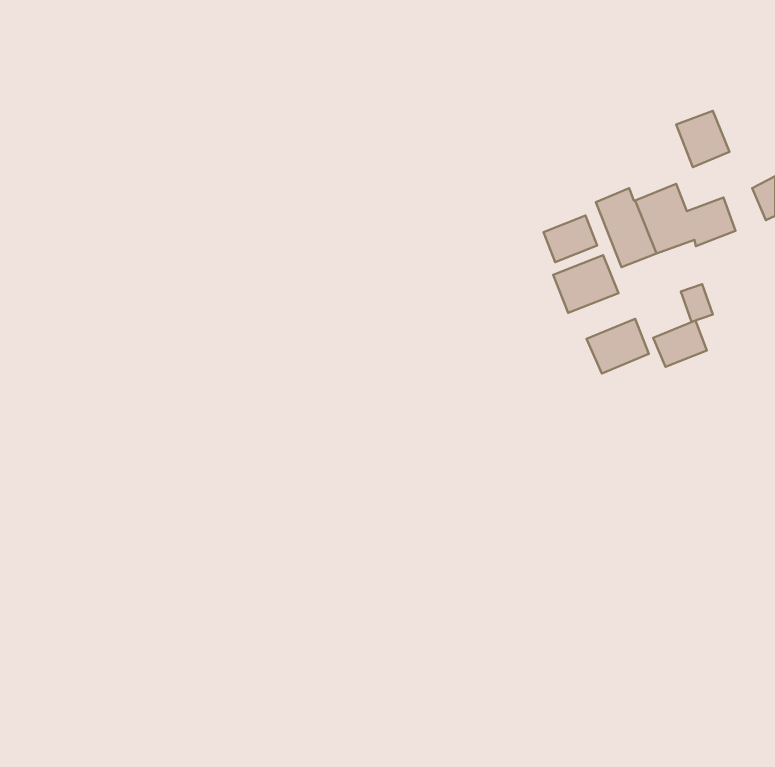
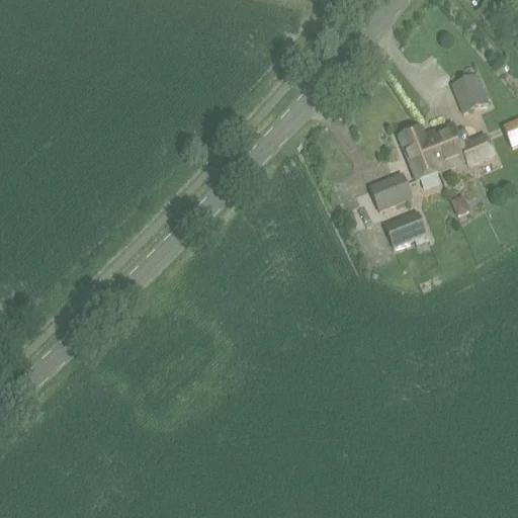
building: [544,216,597,262] -> none
building: [653,321,707,367] -> none

